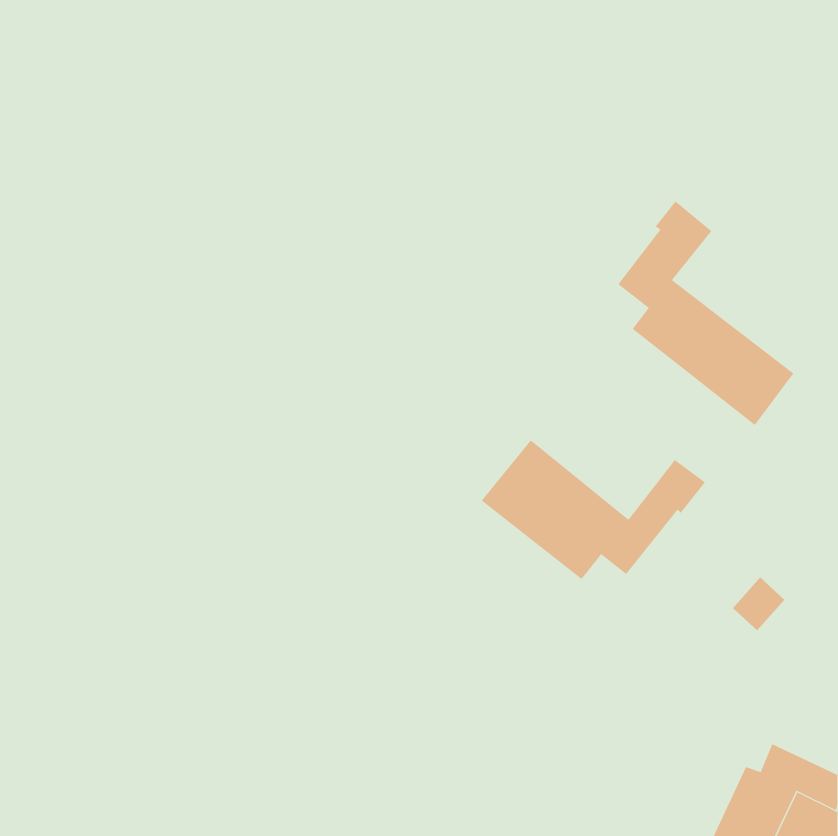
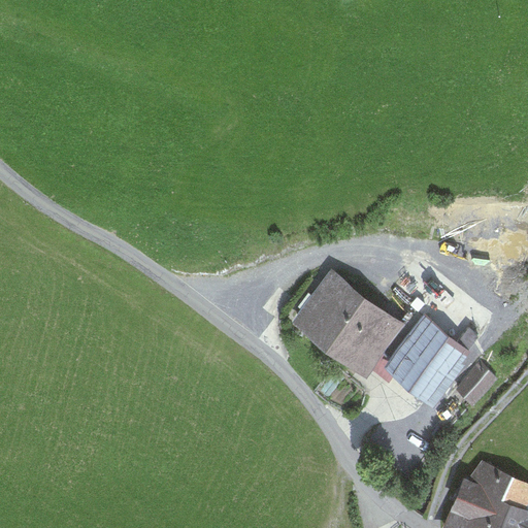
building: [617,201,794,426] -> none
building: none -> [389,324,462,397]

